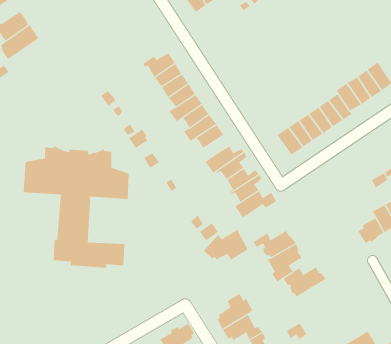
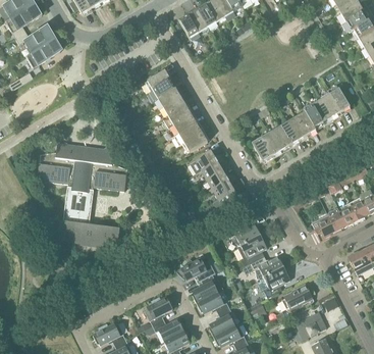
building: [203,229,249,260] -> [177,255,215,281]
building: none -> [257,266,289,298]
building: none -> [281,285,313,309]

